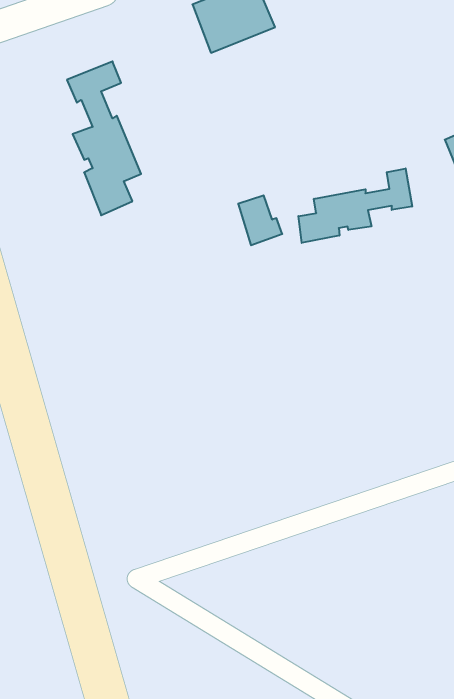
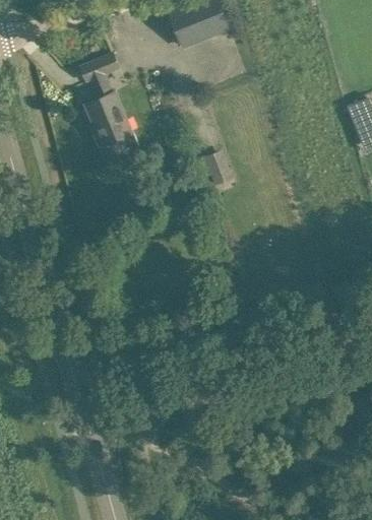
building: [298,168,412,243] -> none

